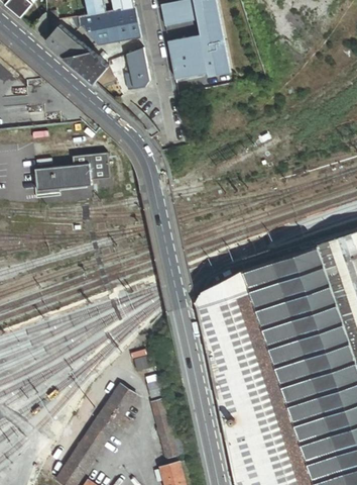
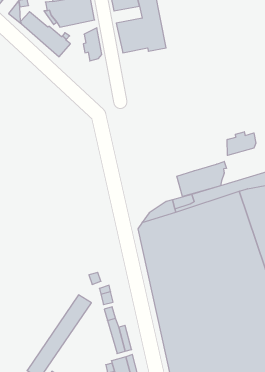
building: [36,156,112,198] -> none
building: none -> [227,132,256,155]
building: none -> [177,161,226,196]

